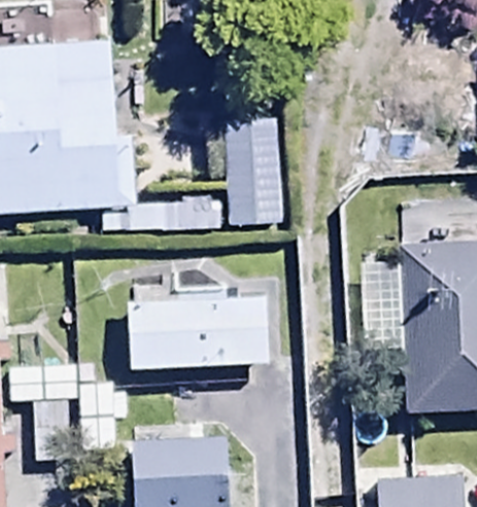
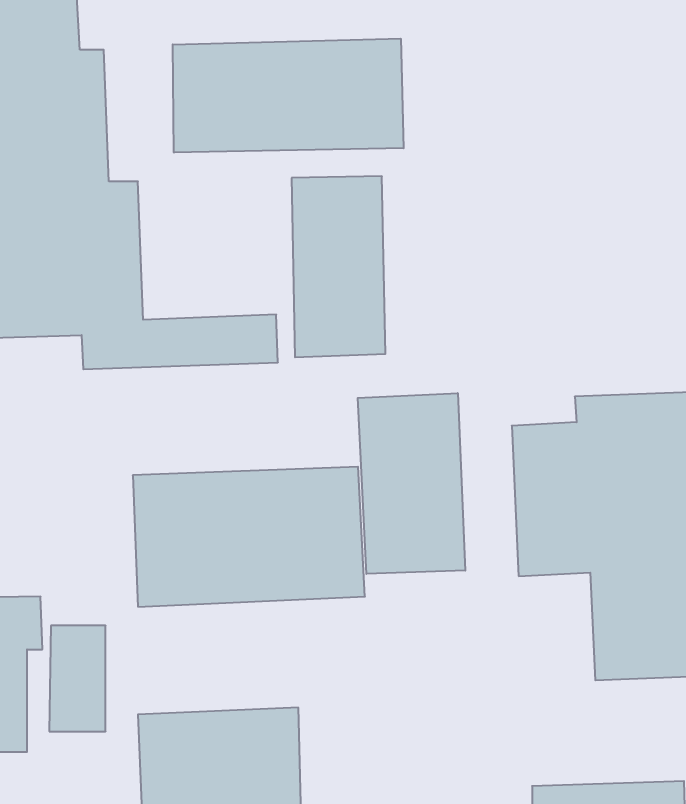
building: none -> [173,39,404,153]
building: none -> [358,393,465,574]

